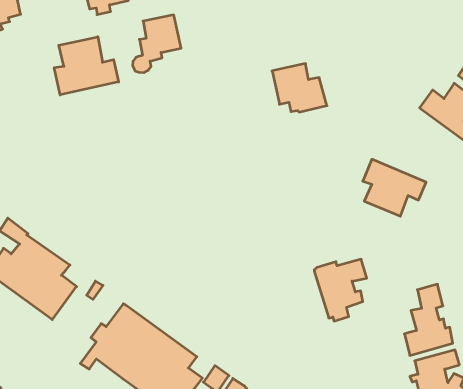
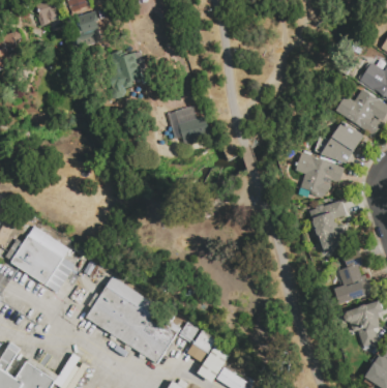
building: [54,37,119,95] -> none
building: [272,64,327,112] -> [166,105,210,143]
building: none -> [316,123,364,165]
building: [314,259,367,321] -> [305,200,347,249]

